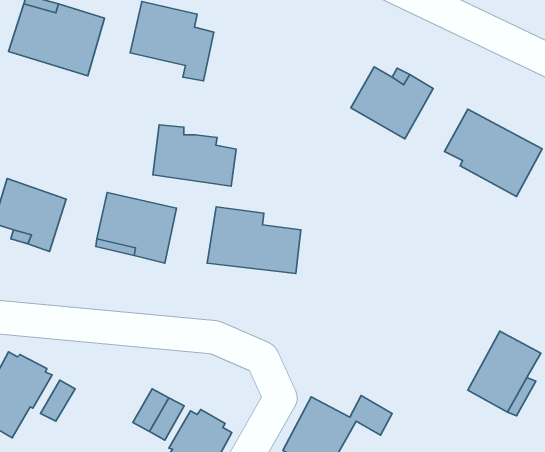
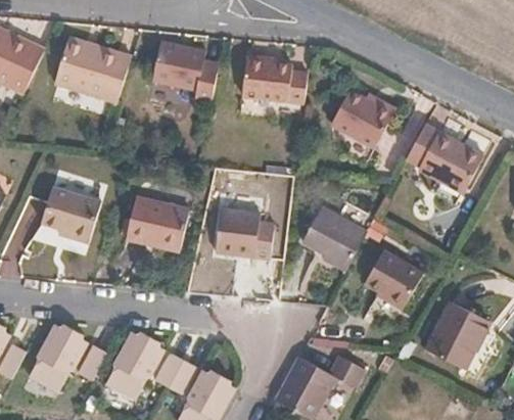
building: [153,125,236,186] -> [241,56,308,105]
building: none -> [301,206,366,269]
building: none -> [363,250,422,307]
building: none -> [104,330,162,398]

